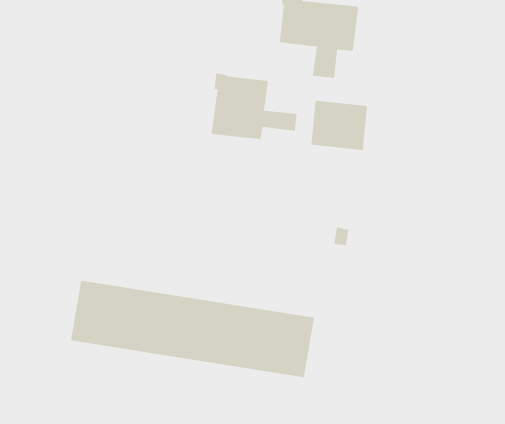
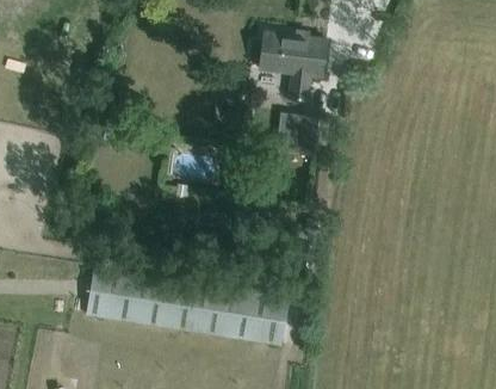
building: [211,72,297,140] -> none

